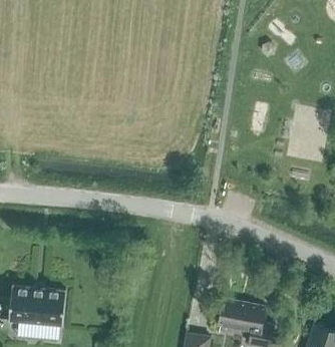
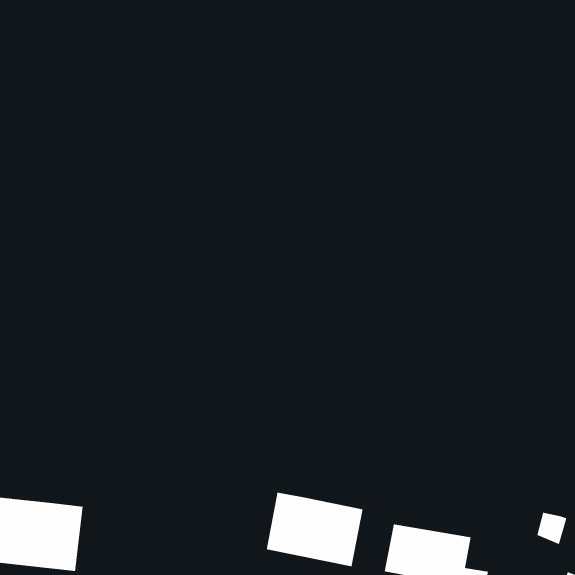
building: none -> [266,492,363,567]

